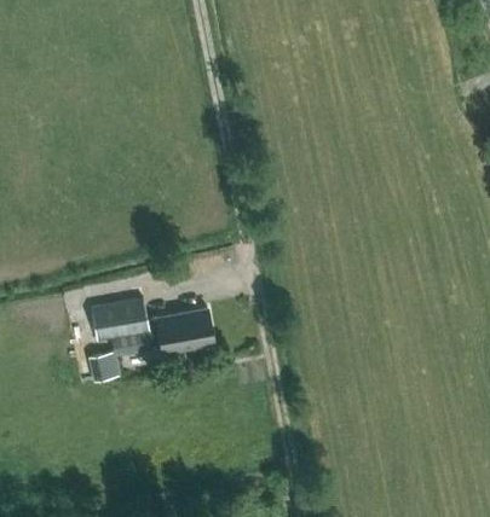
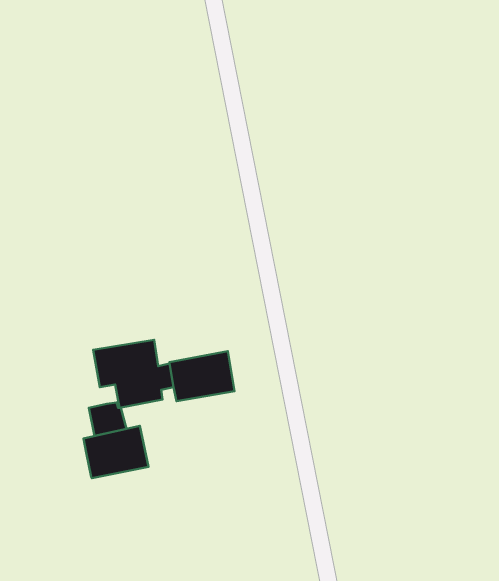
building: none -> [83,426,149,478]

